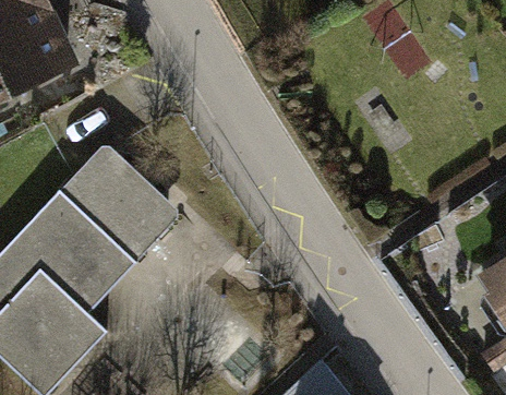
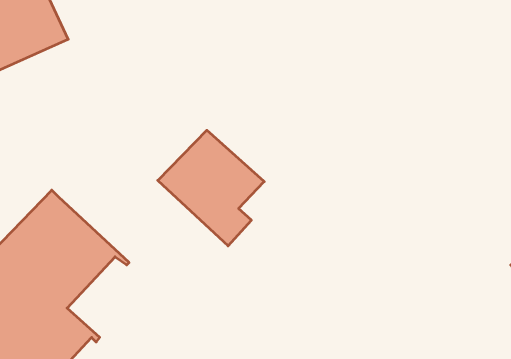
building: [70,157,169,265] -> [158,130,264,246]

